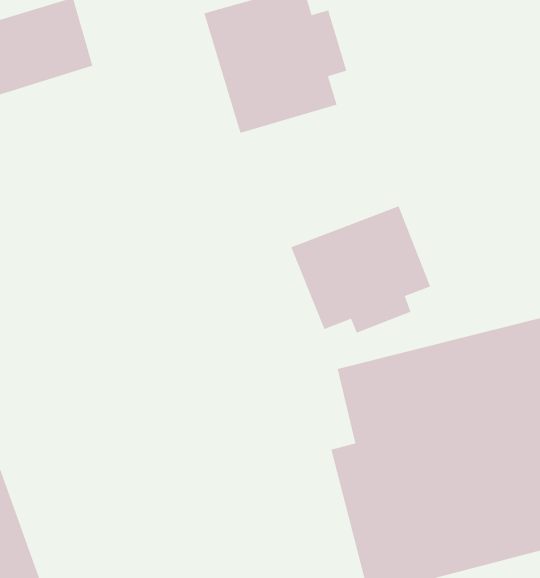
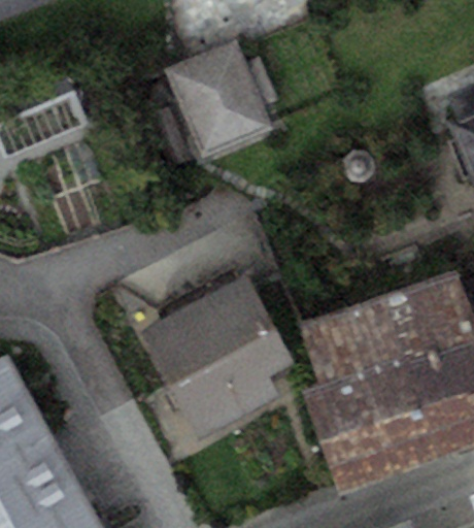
building: [291,205,431,333] -> none
building: none -> [139,273,295,440]

